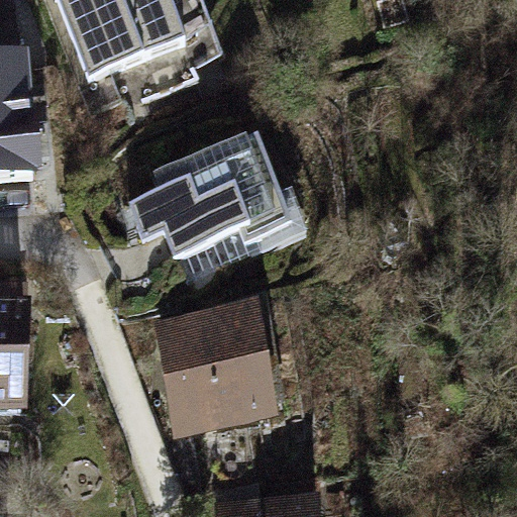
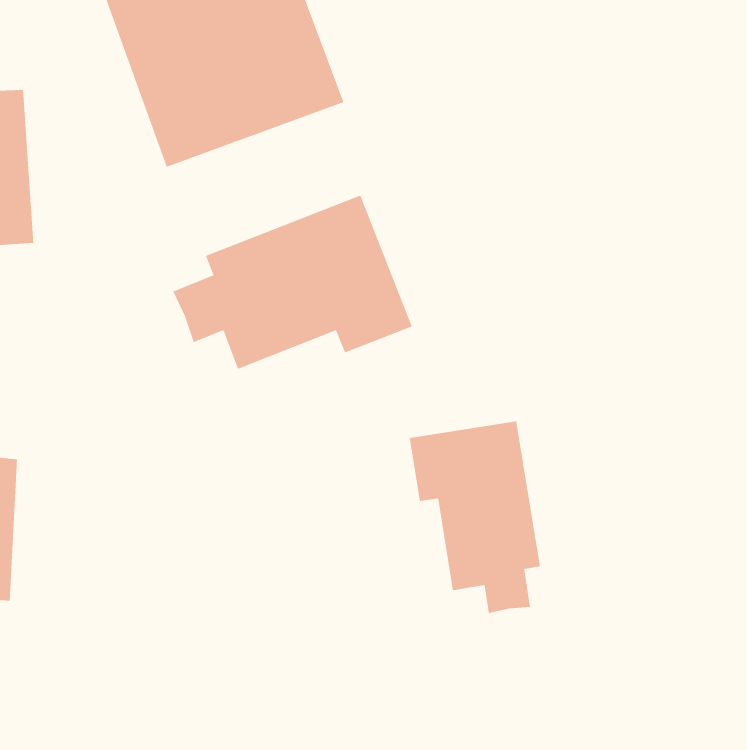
building: none -> [409,420,541,614]
building: [162,317,247,416] -> none

